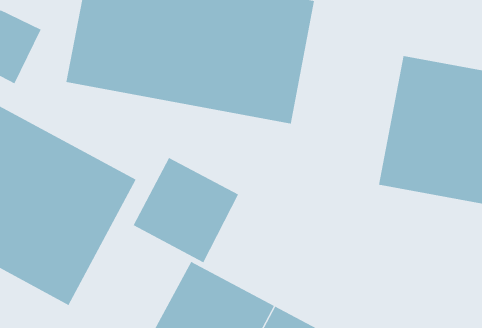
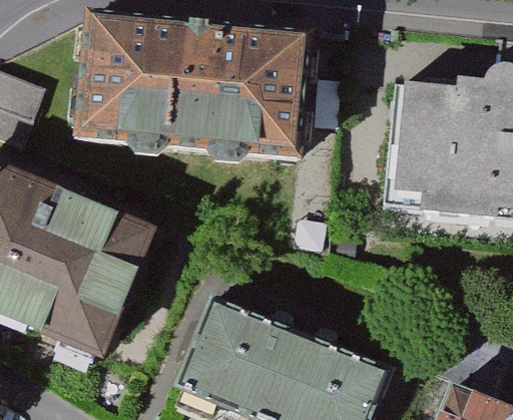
building: [133,157,239,263] -> none

